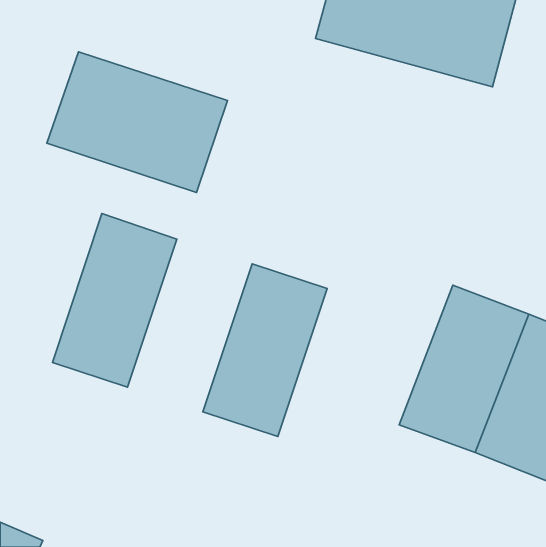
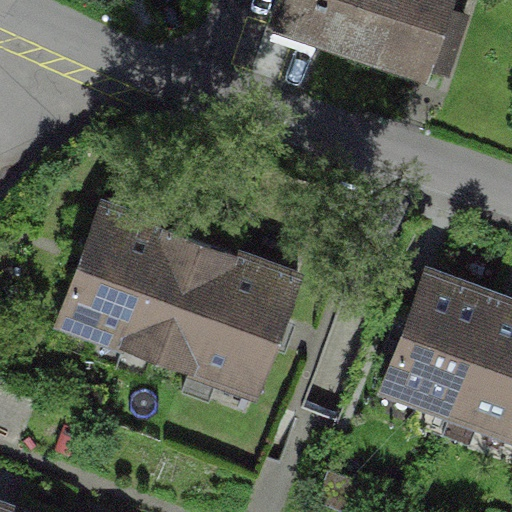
building: [47,52,227,193] -> none
building: none -> [121,223,237,384]

